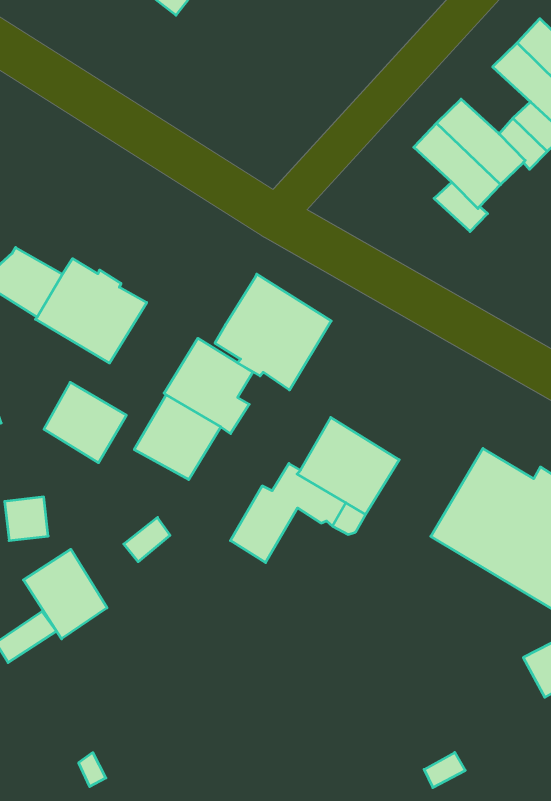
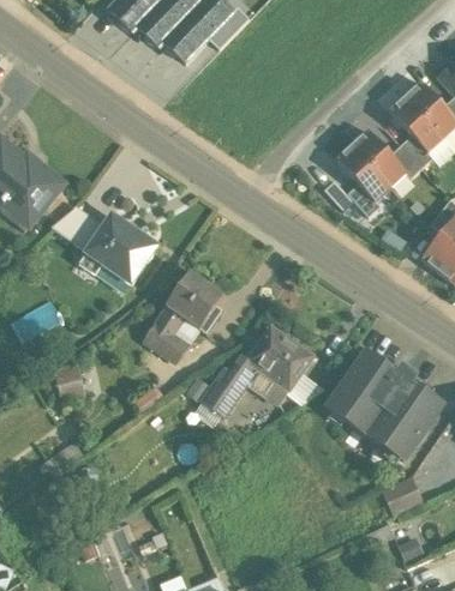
building: [215,274,331,390] -> none
building: [44,382,126,463] -> none
building: [23,549,107,639] -> none

